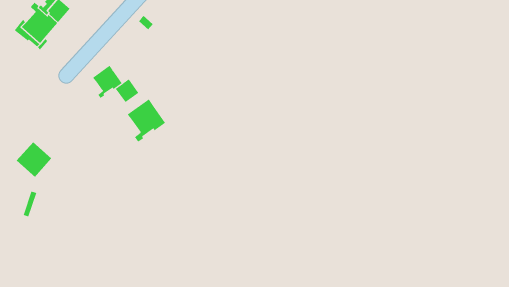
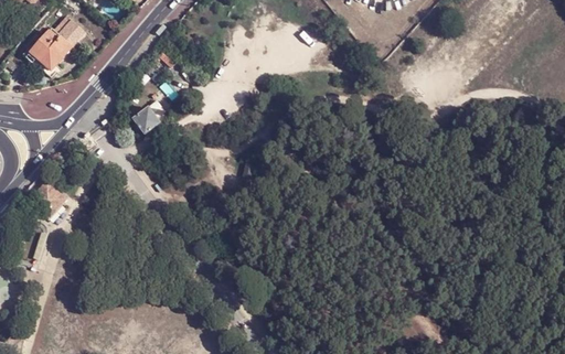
building: [92,65,122,99] -> none
building: [127,98,166,143] -> none

